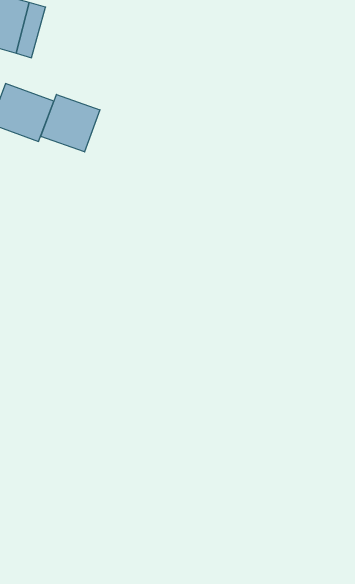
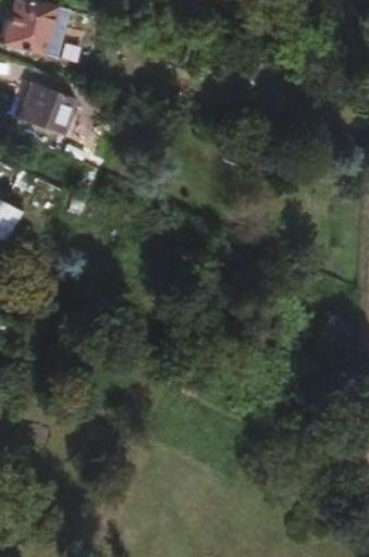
building: [41,94,100,152] -> none

